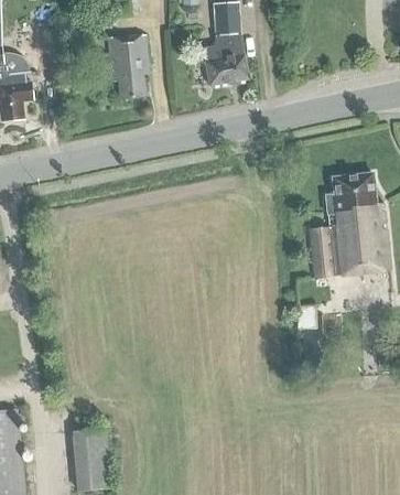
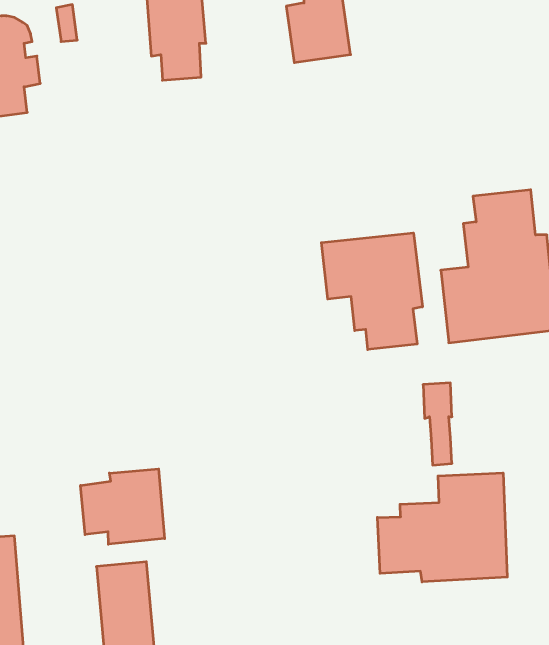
building: none -> [321,233,422,350]
building: none -> [81,469,165,544]
building: none -> [377,473,507,582]

